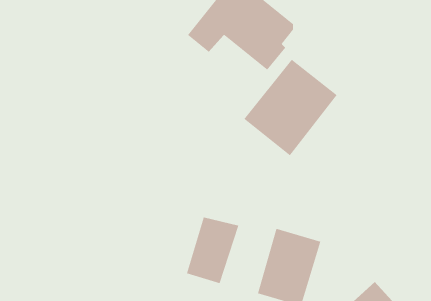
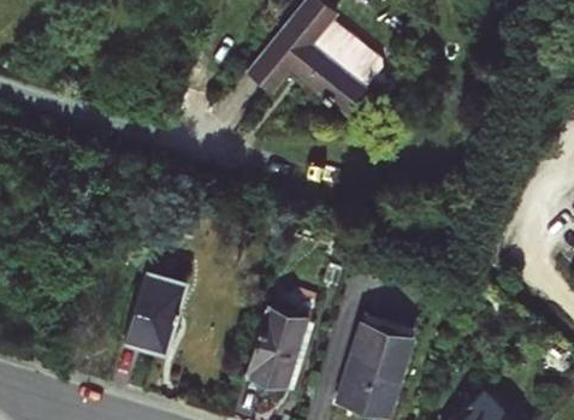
building: [243,59,337,156] -> none
building: none -> [124,266,190,355]

